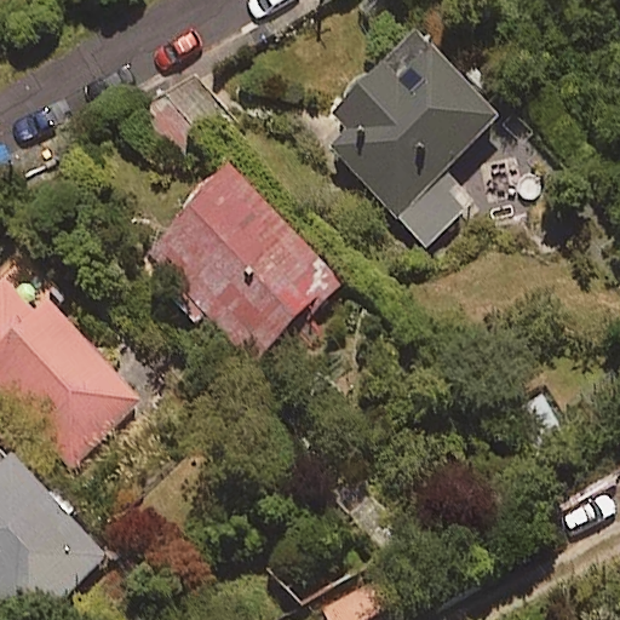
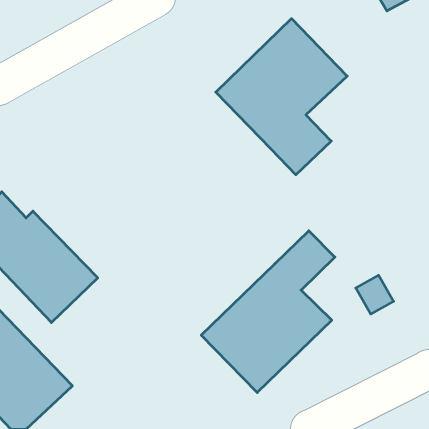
building: [142,162,344,364] -> none
building: none -> [201,231,335,393]

